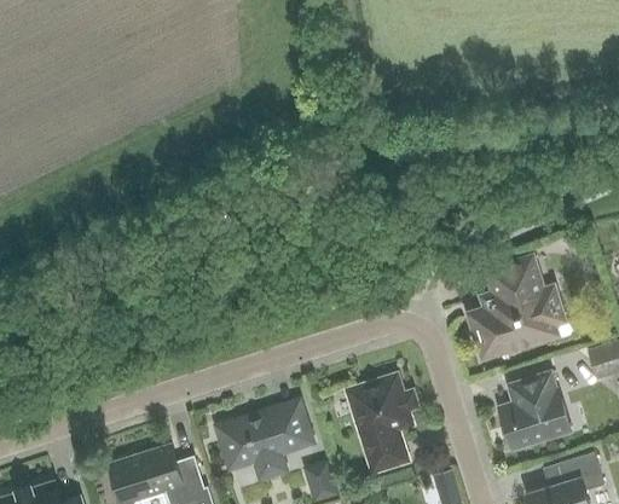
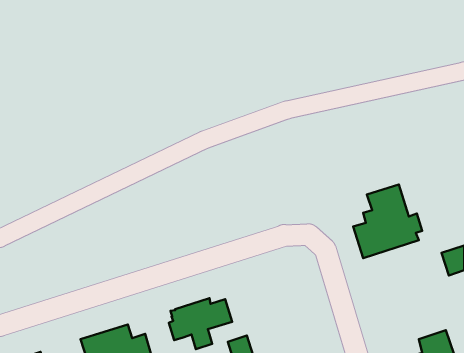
building: [348,372,411,470] -> none
building: [499,372,571,448] -> none

